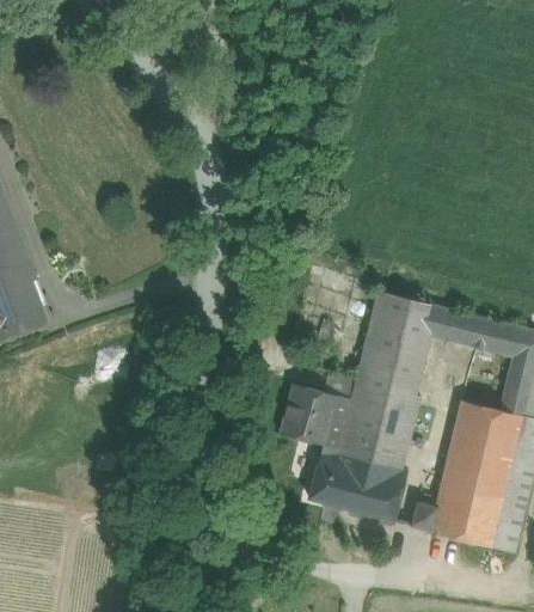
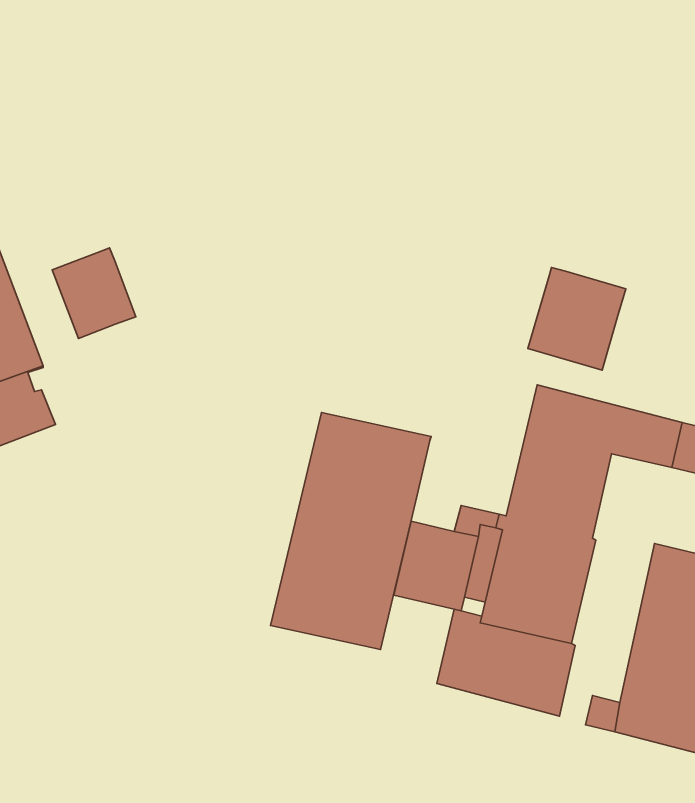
building: none -> [52,248,136,339]
building: none -> [528,267,626,370]
building: none -> [271,412,431,649]

